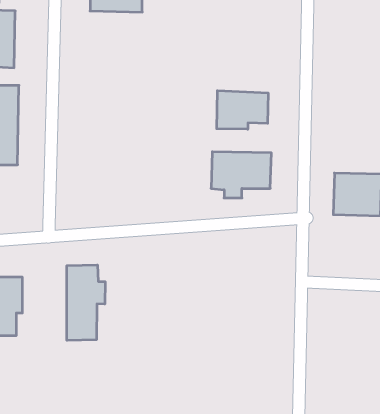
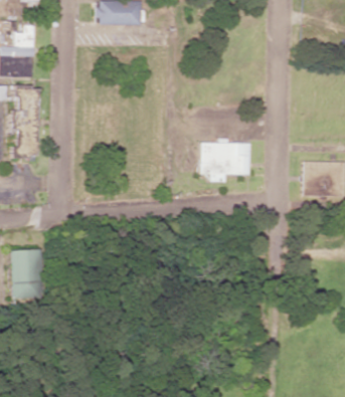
building: [217,91,268,129] -> none
building: [67,265,105,340] -> none

